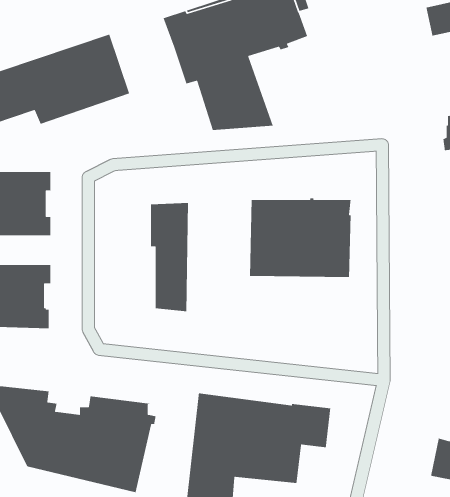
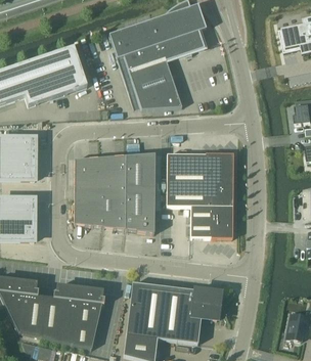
building: none -> [126,154,156,233]
building: none -> [75,157,104,227]
building: none -> [191,207,233,238]

